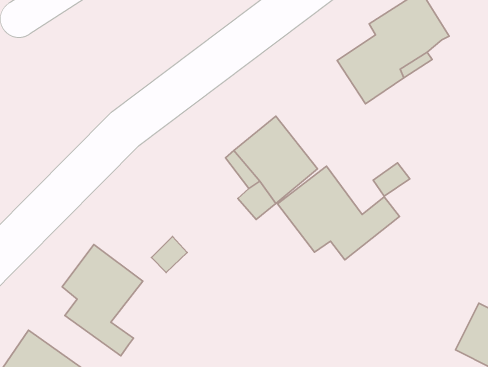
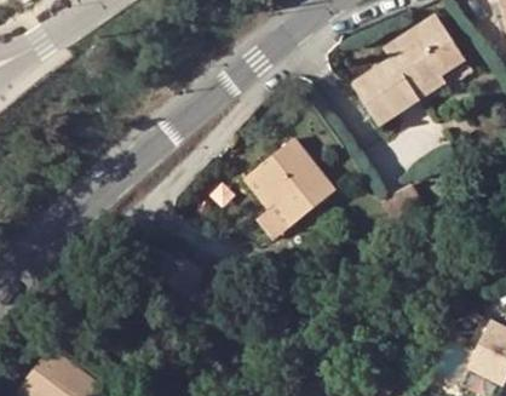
building: [277,166,400,260] -> none
building: [62,245,143,356] -> none

